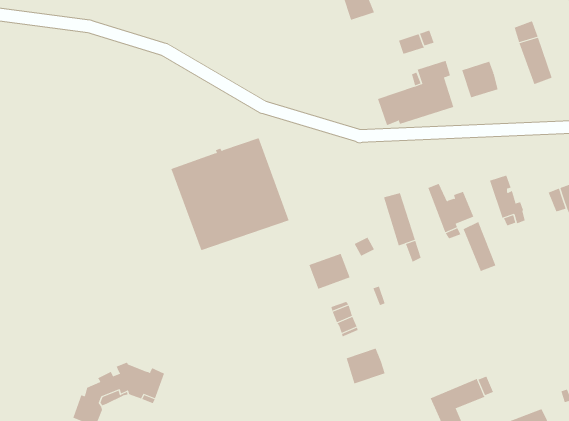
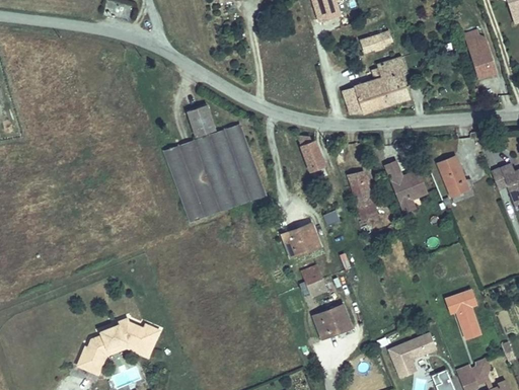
building: [462,61,498,98] -> none
building: none -> [187,104,215,137]
building: none -> [297,136,324,171]
building: [463,221,496,272] -> none
building: none -> [444,289,481,340]

